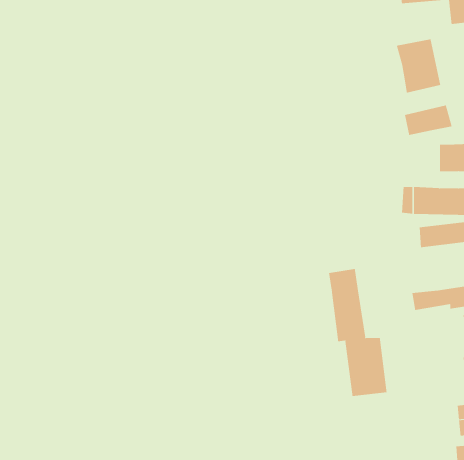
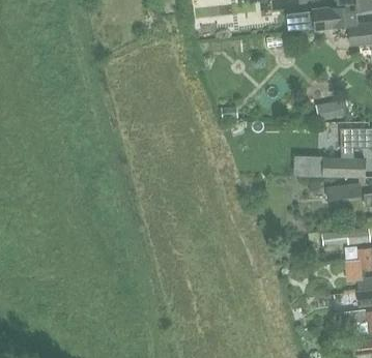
building: [396,38,441,93] -> none
building: [329,268,387,397] -> none

